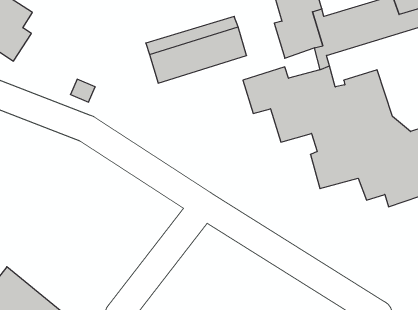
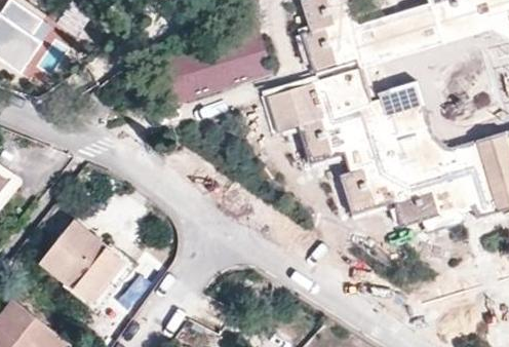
building: none -> [40,219,122,299]

